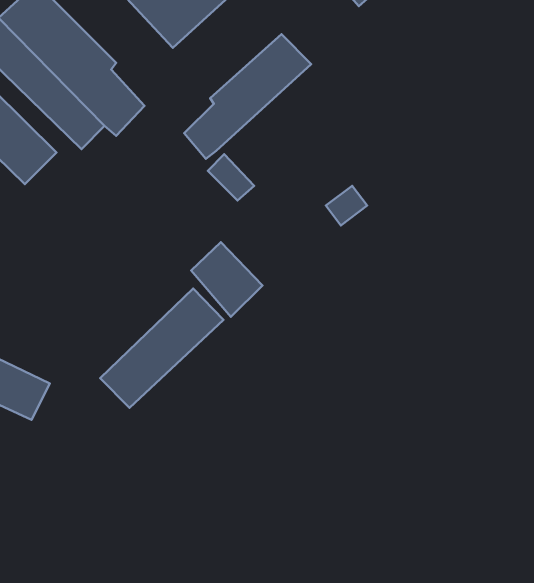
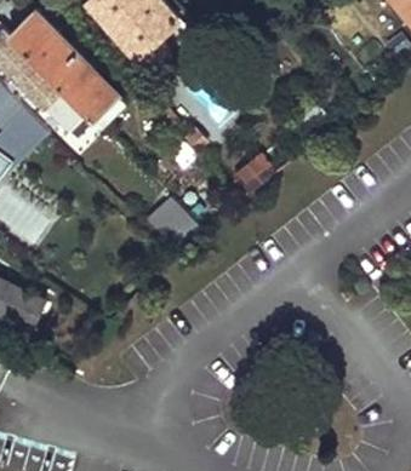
building: [184,34,311,159] -> none
building: [100,289,223,408] -> none

